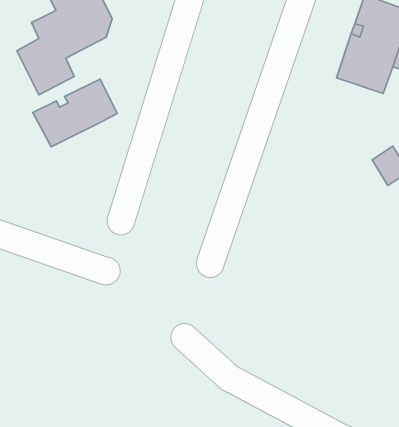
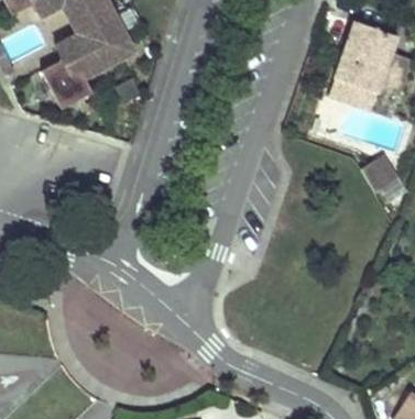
building: [33,79,117,147] -> none

